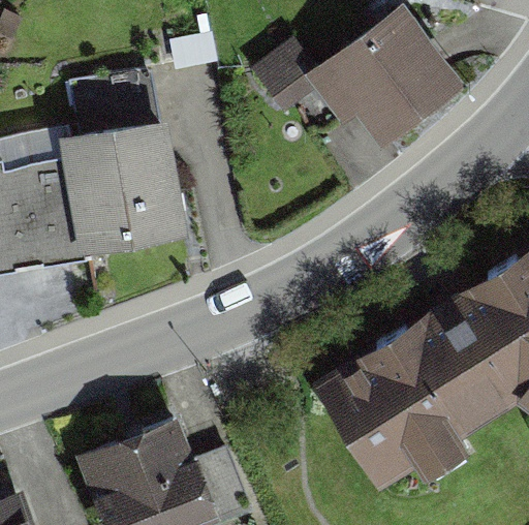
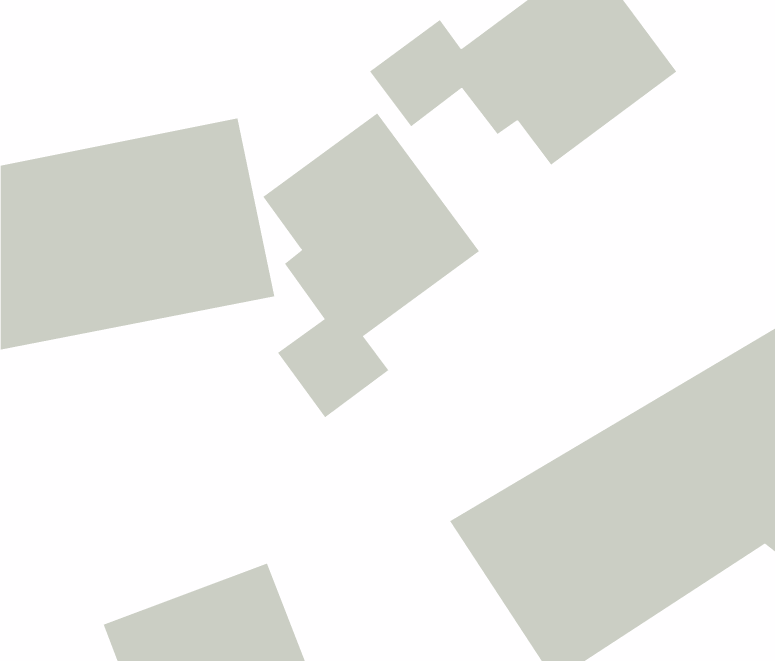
building: none -> [263,112,480,418]

